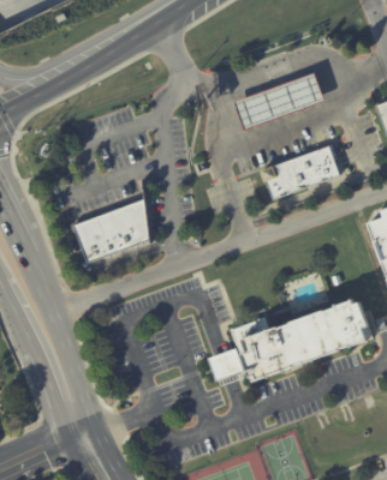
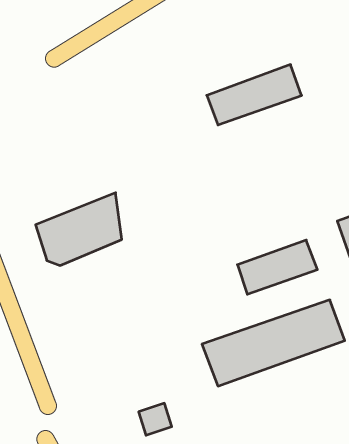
building: [261,144,339,197] -> [237,240,317,294]
building: [210,348,243,379] -> [139,403,172,435]

